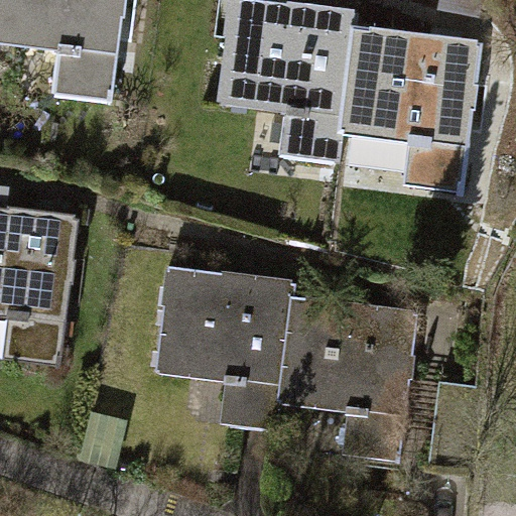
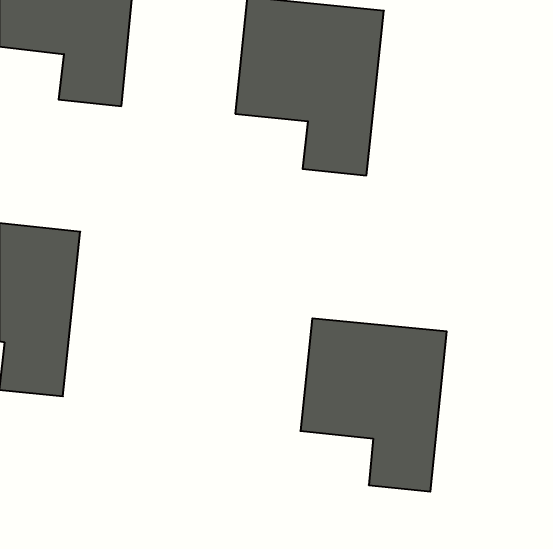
building: [344,28,480,189] -> none
building: [154,265,292,430] -> none

